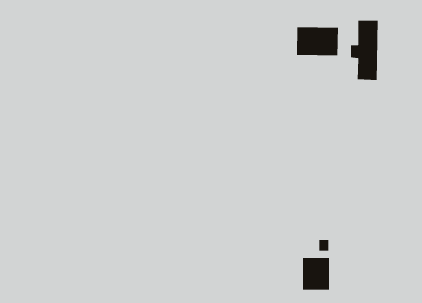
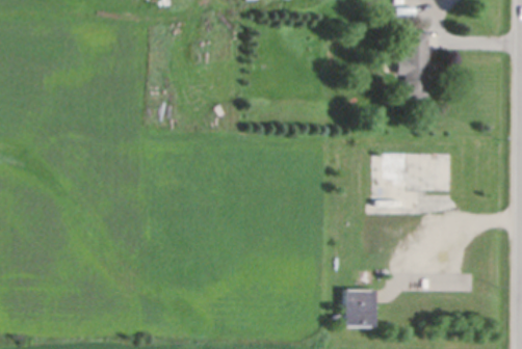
building: [296,27,339,56] -> none

